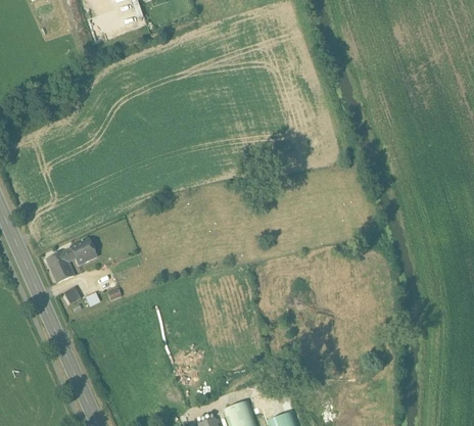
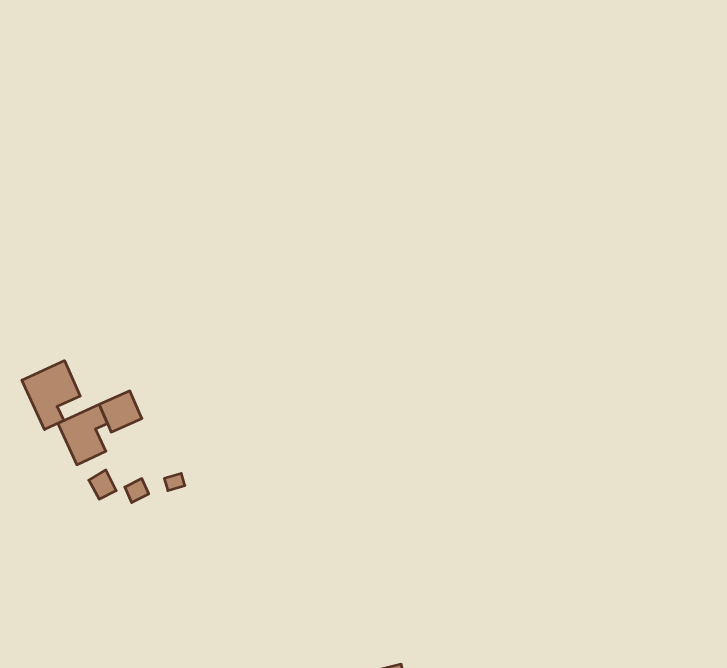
building: none -> [22,361,80,430]

